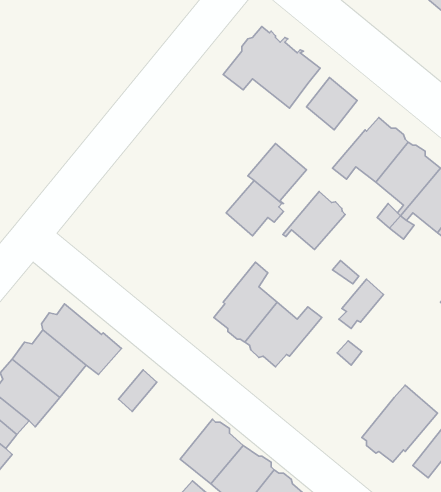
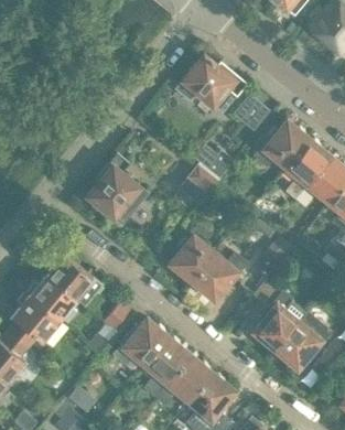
building: none -> [87,155,147,225]
building: [283,192,345,249] -> none
building: none -> [252,294,298,351]
building: none -> [114,320,168,366]

